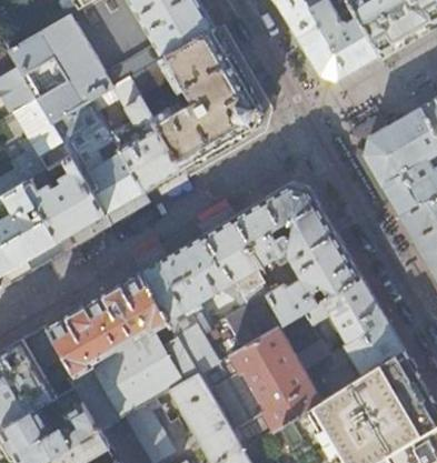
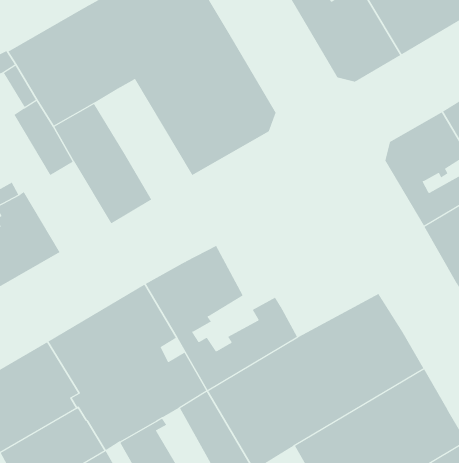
building: [113,78,183,191] -> none
building: [24,155,107,241] -> none
building: [207,183,360,321] -> none

